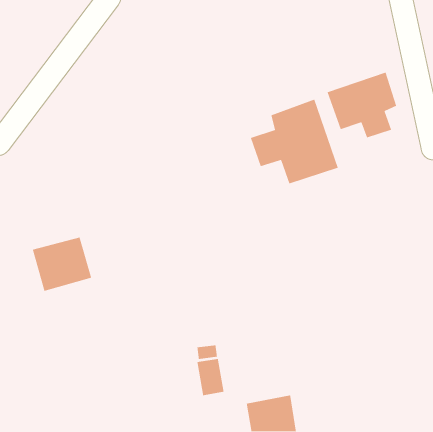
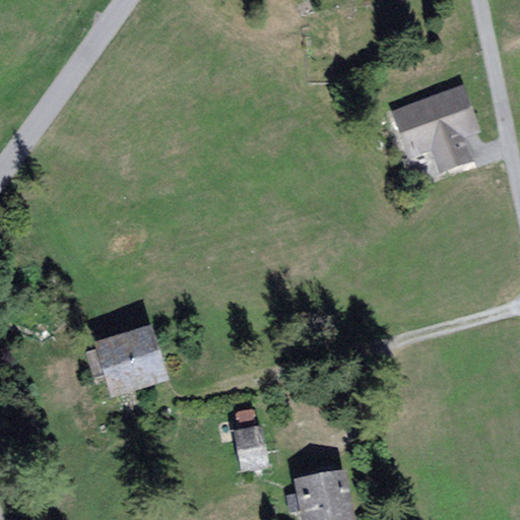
building: [250,99,339,185] -> none
building: [32,236,92,292] -> [95,328,168,394]

